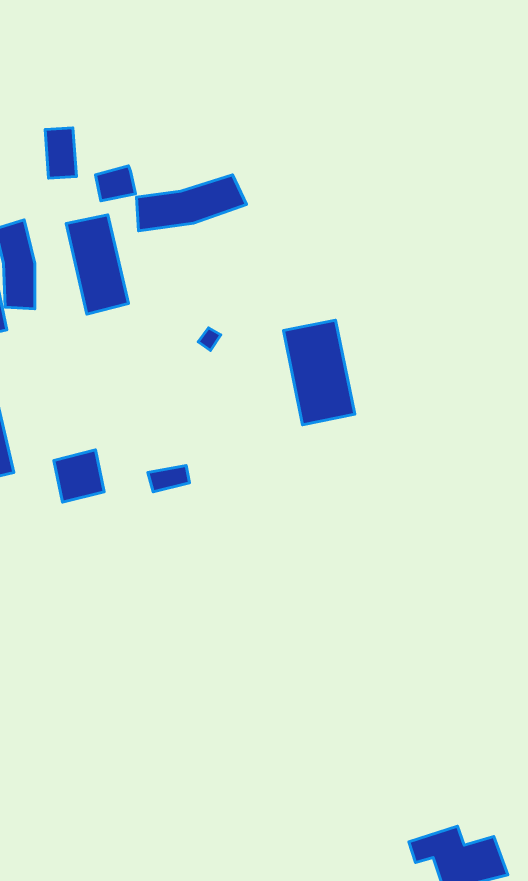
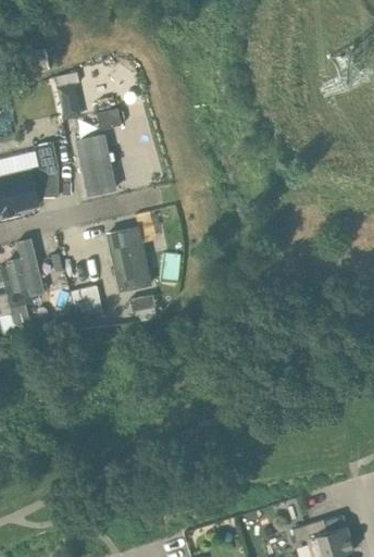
building: [137,175,246,231] -> none
building: [283,320,355,425] -> [108,231,152,296]

